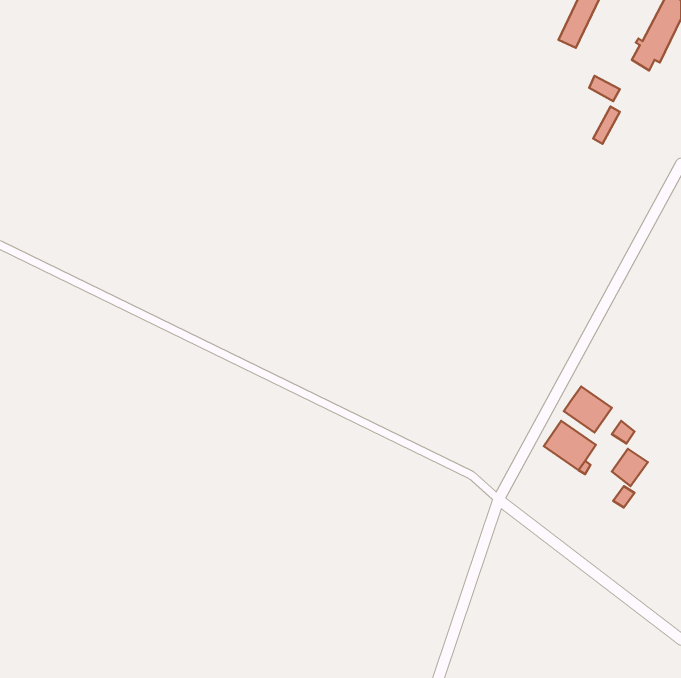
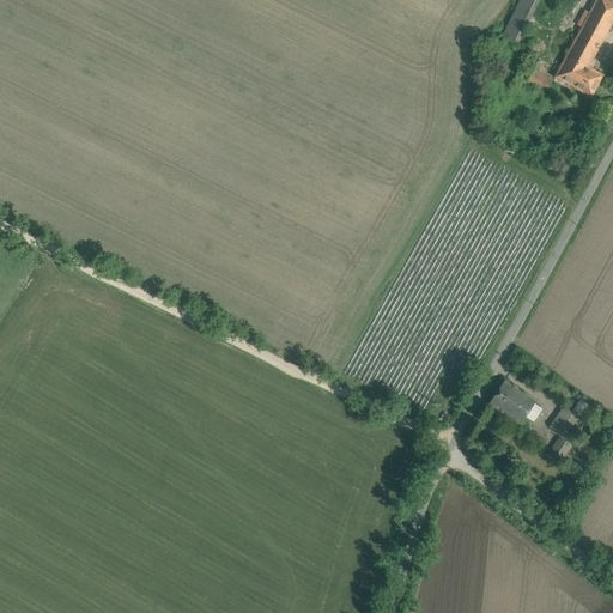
building: none -> [556,54,602,93]
building: [564,387,612,432] -> none

